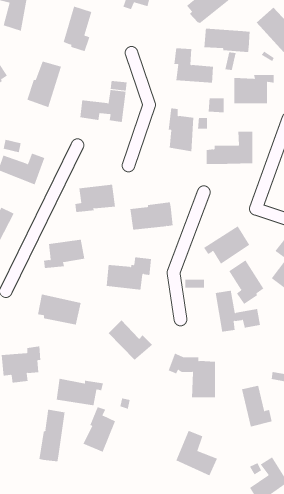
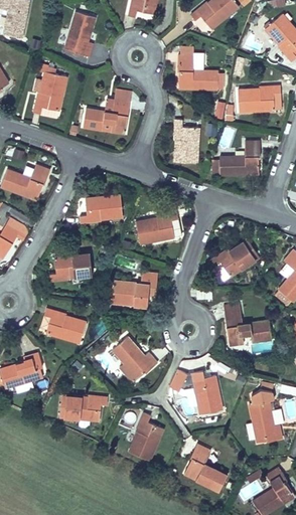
building: [204,28,250,53] -> none
building: [229,260,264,305] -> none
building: [83,406,116,453] -> [128,414,162,462]
building: [39,409,65,462] -> none

